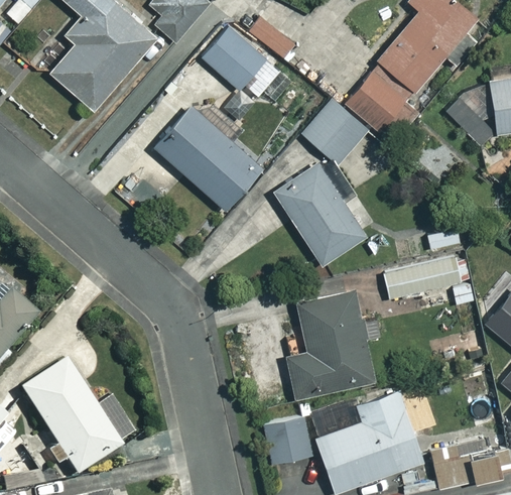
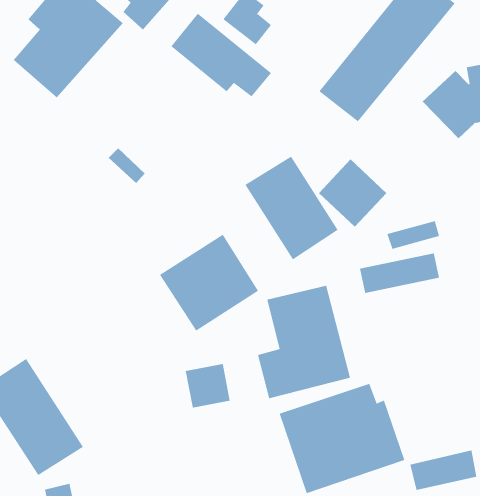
building: [302,98,369,164] -> [318,159,387,228]
building: [153,104,261,209] -> none
building: none -> [159,234,259,332]
building: [269,418,313,462] -> [185,363,231,408]

